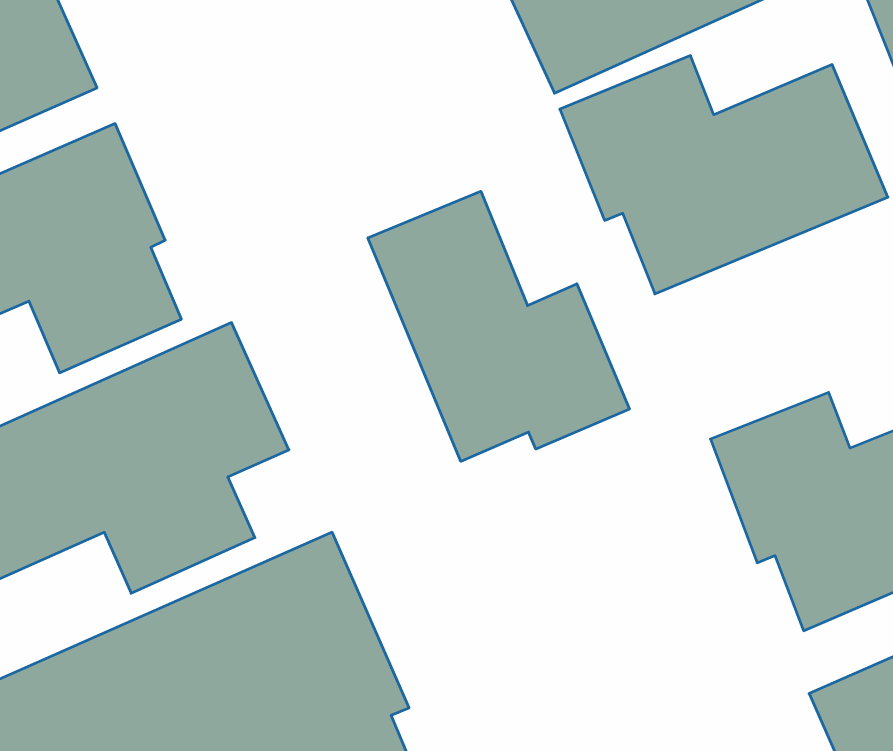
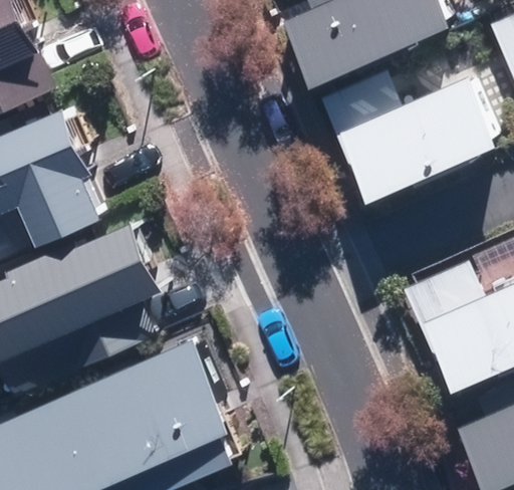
building: [368,191,629,461] -> none

